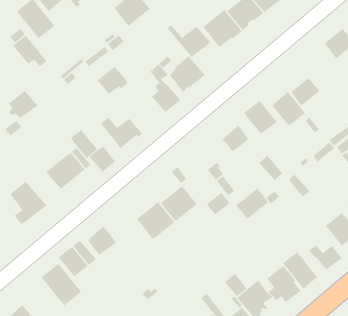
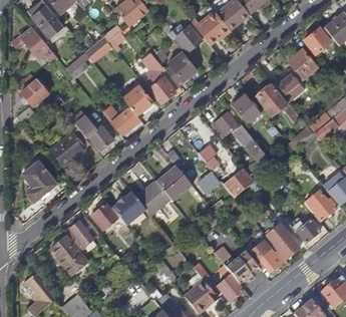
building: none -> [287,49,318,79]
building: [97,66,129,95] -> [125,88,154,114]
building: none -> [111,192,145,226]

